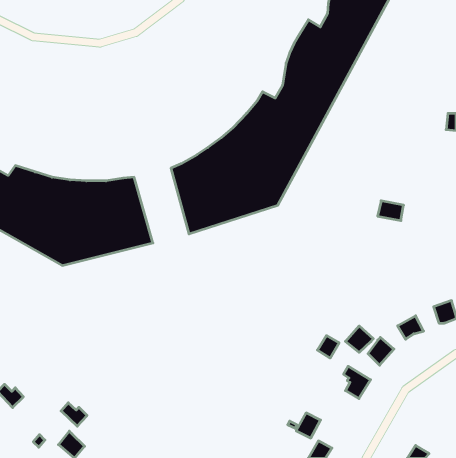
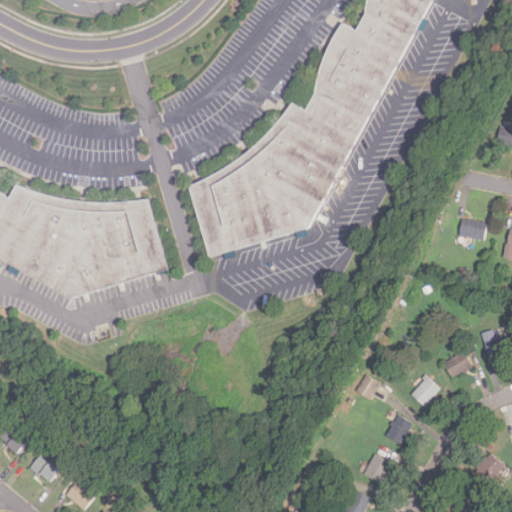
building: [378,201,404,221] -> [456,218,485,240]
building: [345,326,373,352] -> none
building: [61,403,87,426] -> [30,455,59,481]
building: none -> [472,453,502,484]
building: [296,413,321,438] -> [362,454,389,482]

